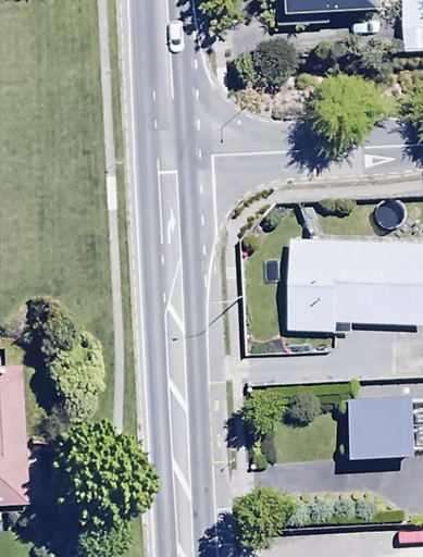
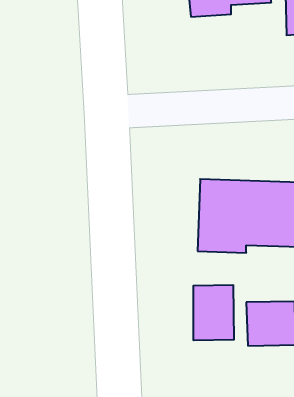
building: none -> [193,285,234,340]

